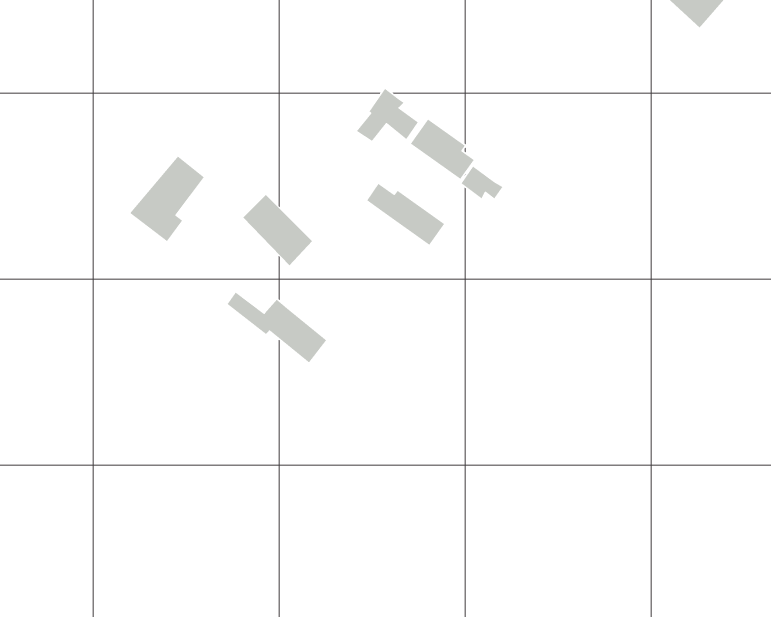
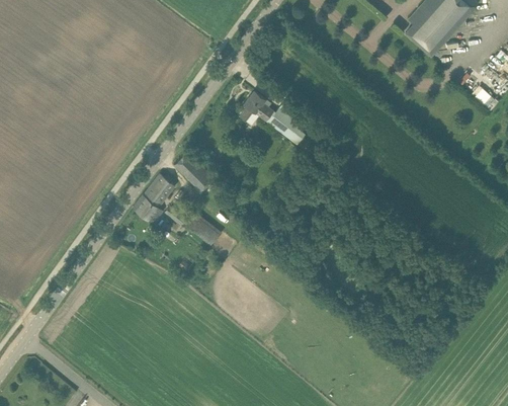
building: [129,156,205,242] -> [133,174,175,223]
building: [366,183,445,246] -> none

